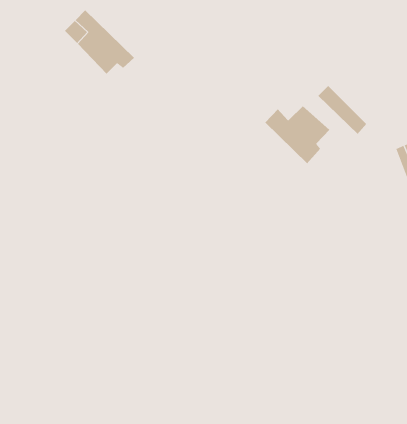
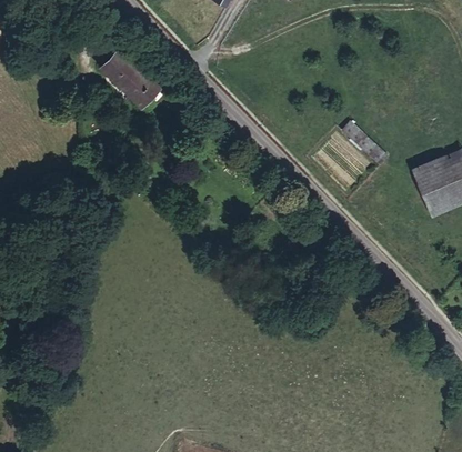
building: [265,105,330,164] -> none

